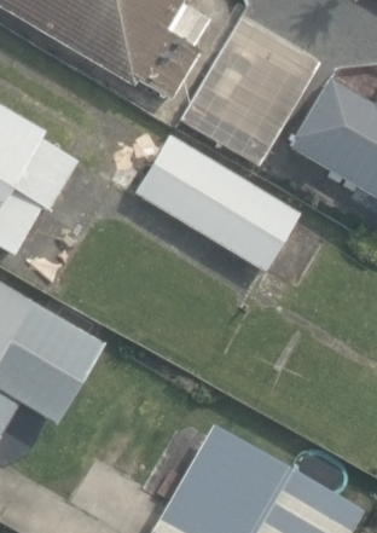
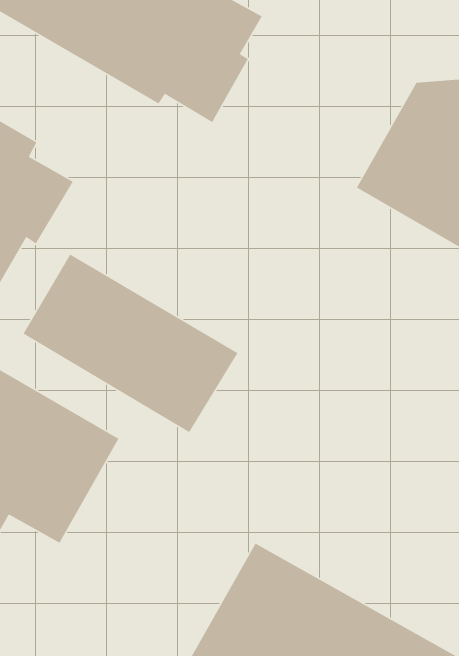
building: [181,18,321,169] -> none
building: [137,138,302,276] -> [23,253,238,433]

